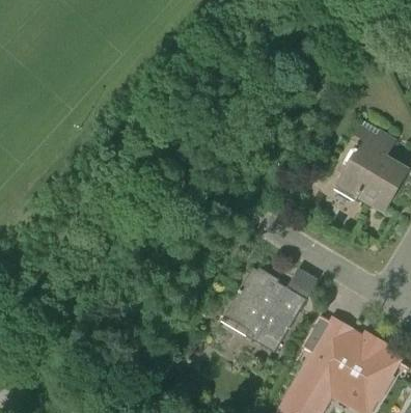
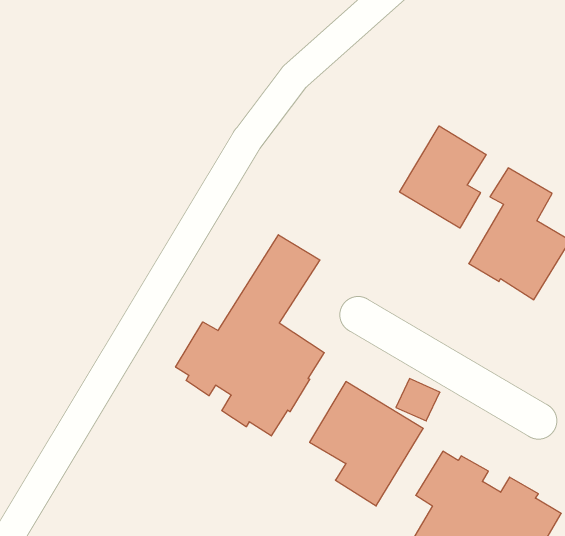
building: none -> [400,126,486,228]
building: none -> [176,235,324,436]

